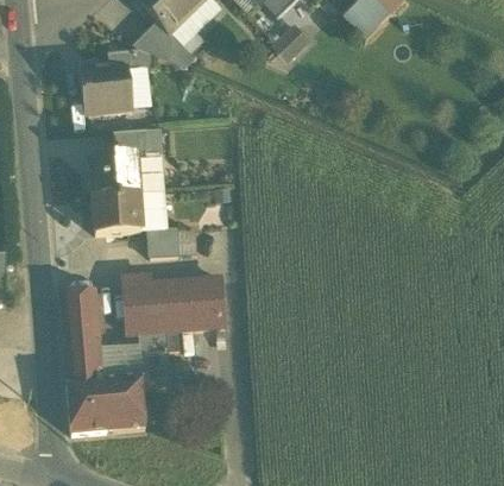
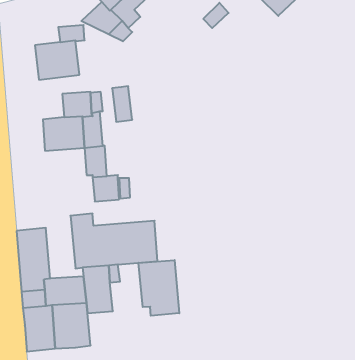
building: [127,65,151,107] -> [112,86,132,122]
building: [92,192,140,232] -> none
building: none -> [139,260,179,316]

